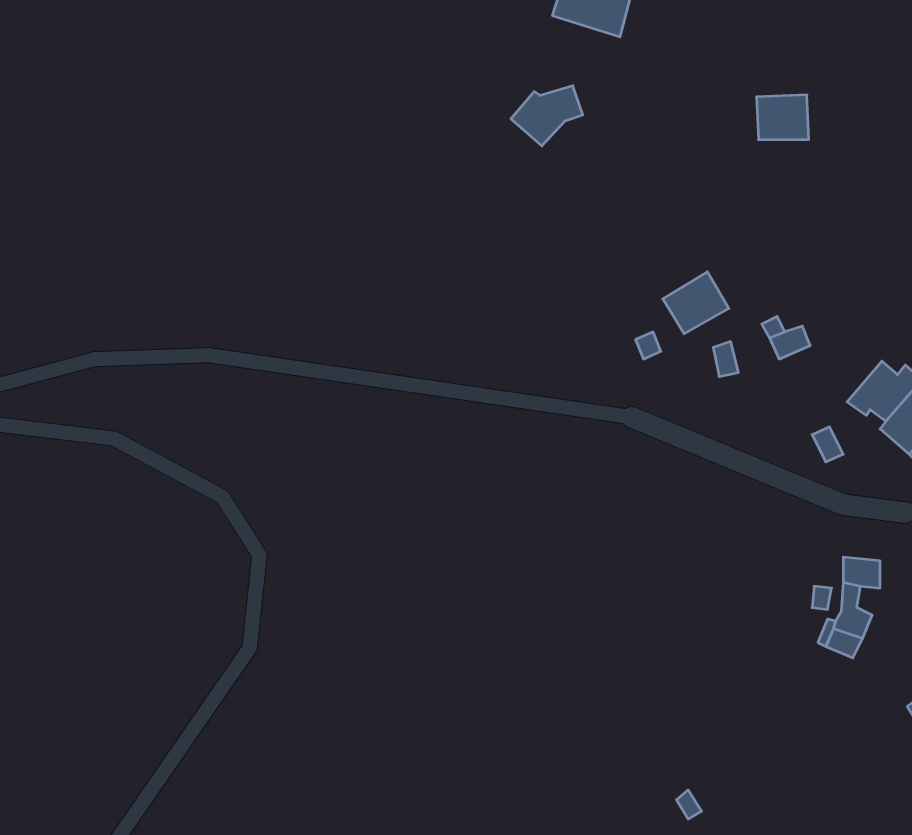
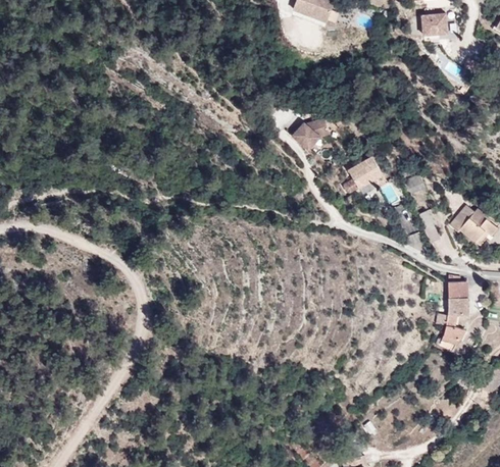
building: [511,86,583,146] -> [296,112,334,144]
building: [756,95,809,140] -> [416,15,444,39]
building: none -> [448,275,467,302]

